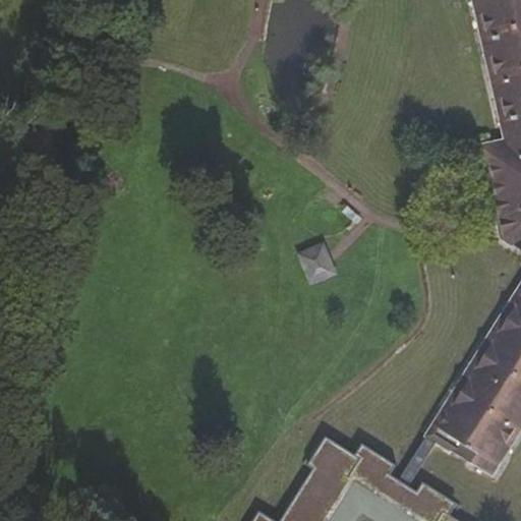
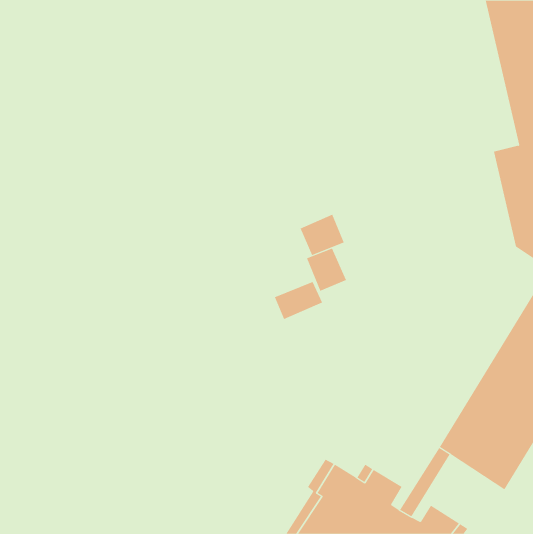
building: none -> [300,214,345,256]
building: none -> [274,281,323,320]

